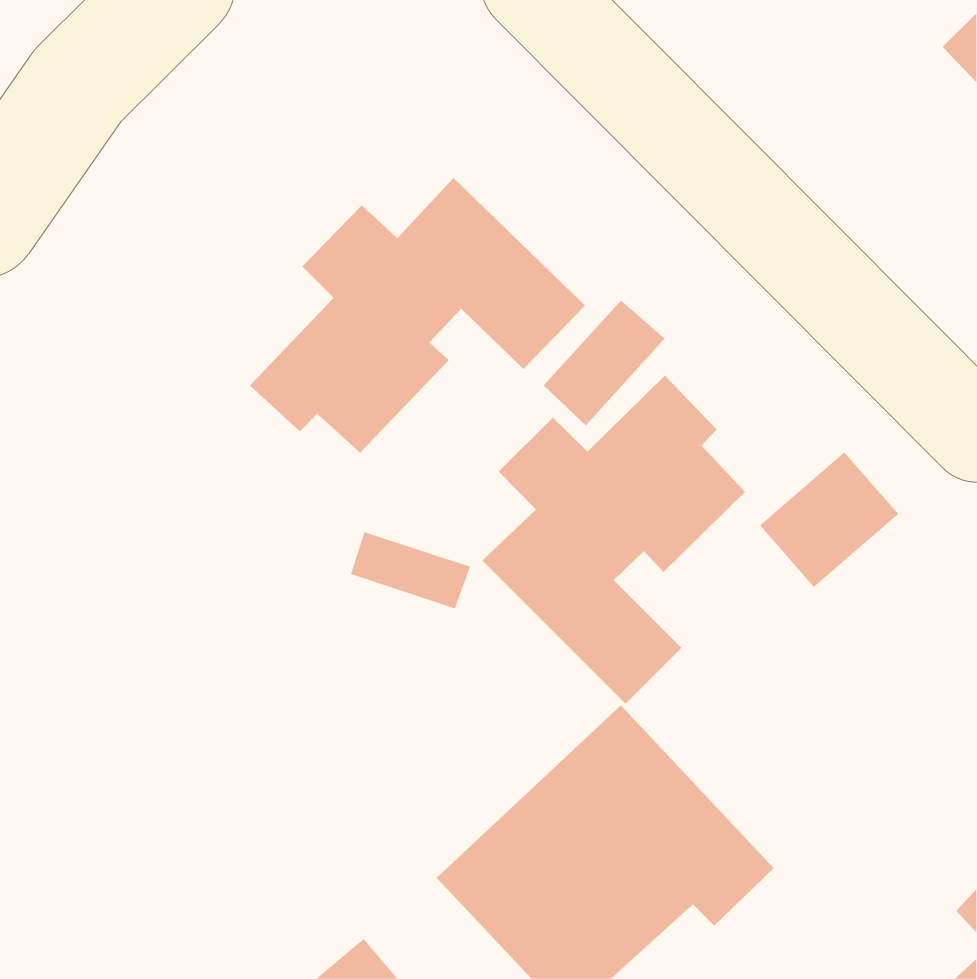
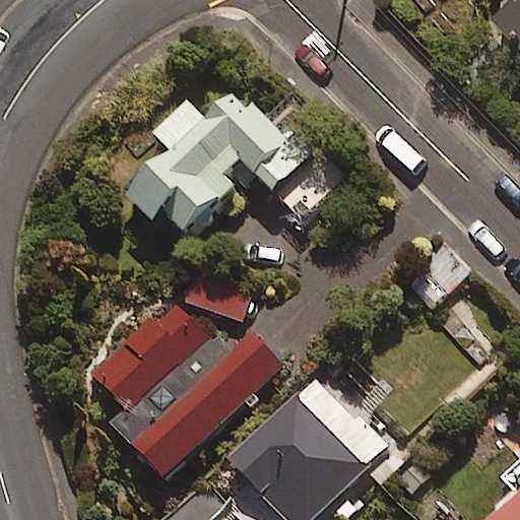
building: [482,375,746,704] -> none
building: none -> [89,295,279,478]

